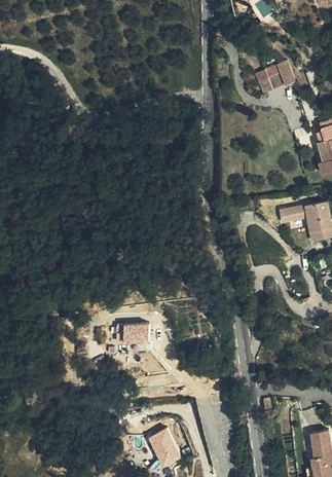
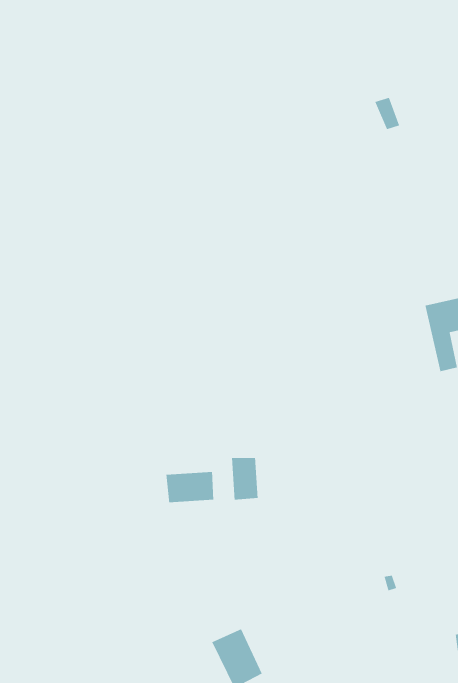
building: [267,60,295,88] -> none
building: none -> [231,457,259,500]

